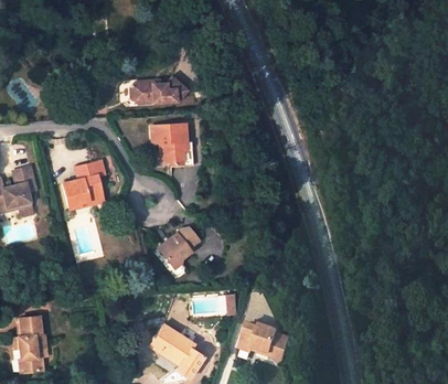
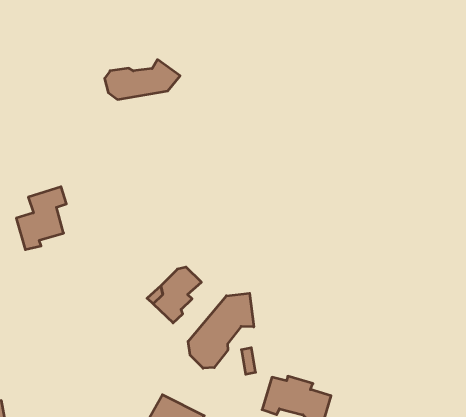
building: [148,116,192,161] -> none
building: none -> [188,293,254,368]

